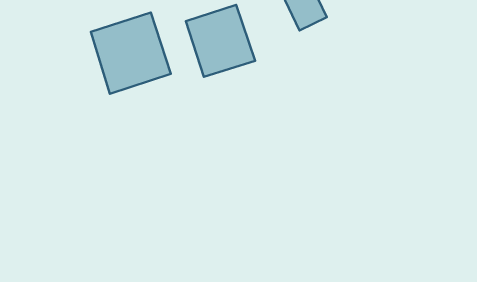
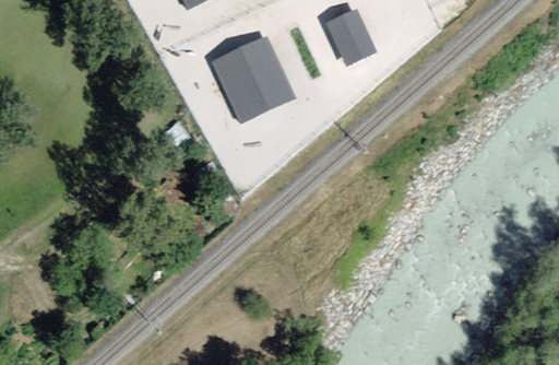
building: [91,12,171,94] -> none

